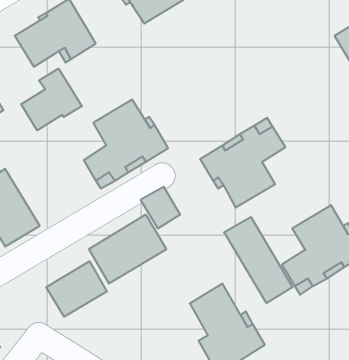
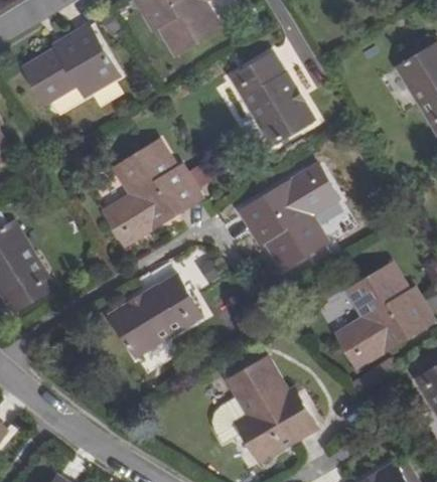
building: none -> [233,53,313,144]
building: [21,69,82,130] -> none
building: [224,217,292,303] -> none
building: [46,261,107,317] -> none

